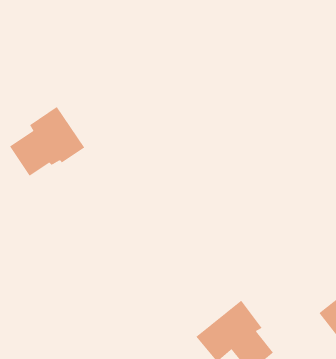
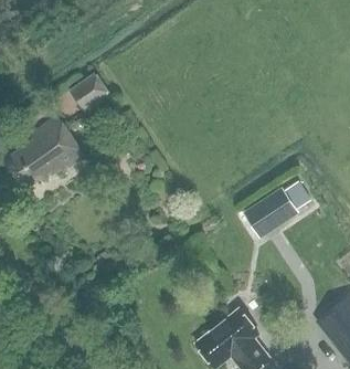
building: none -> [68,72,110,113]
building: none -> [244,179,310,234]

